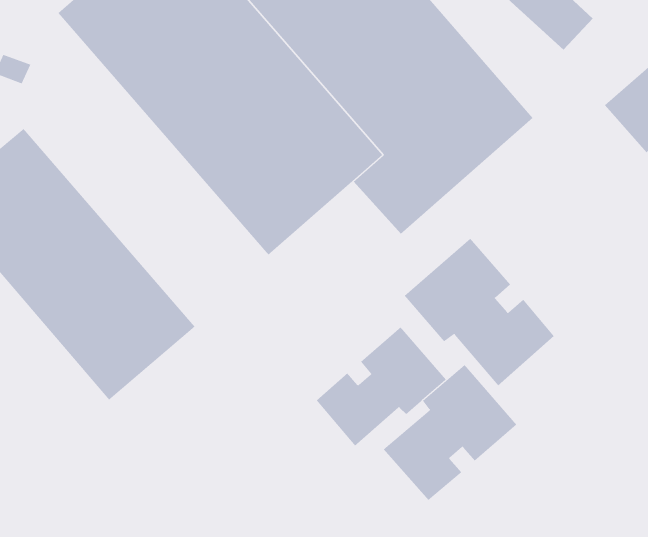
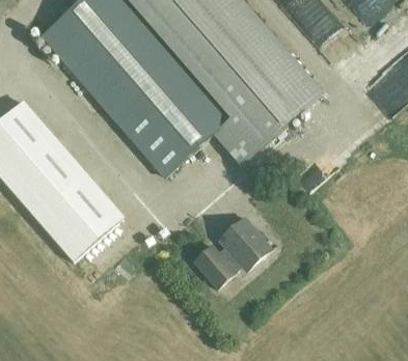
building: [404,238,555,386] -> none
building: [383,364,517,501] -> none

